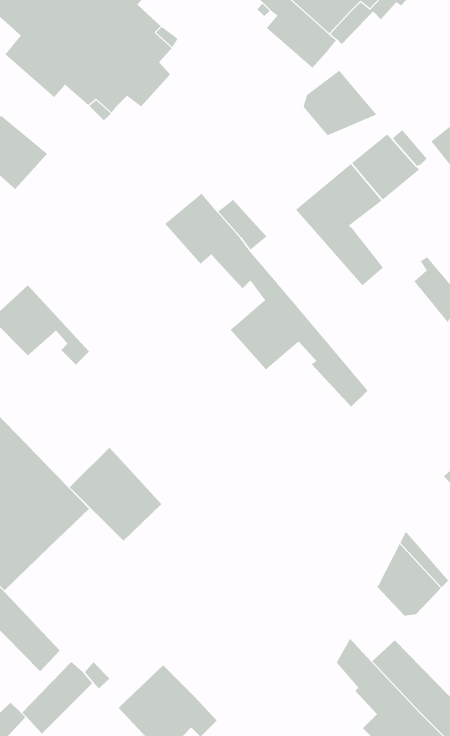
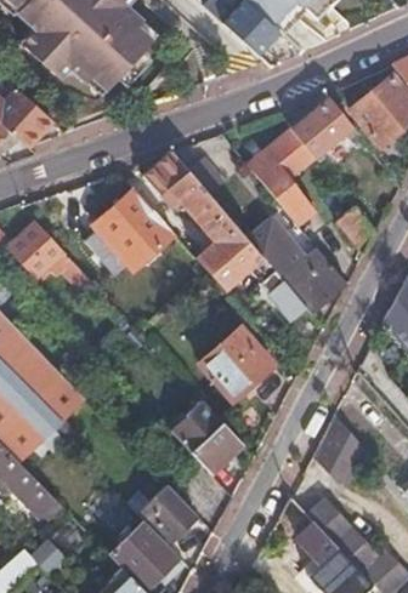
building: [303,70,377,137] -> none
building: none -> [95,189,174,268]
building: none -> [245,216,348,314]
building: none -> [199,325,274,400]
building: [69,447,162,542] -> [169,397,242,471]
building: none -> [137,484,197,542]

